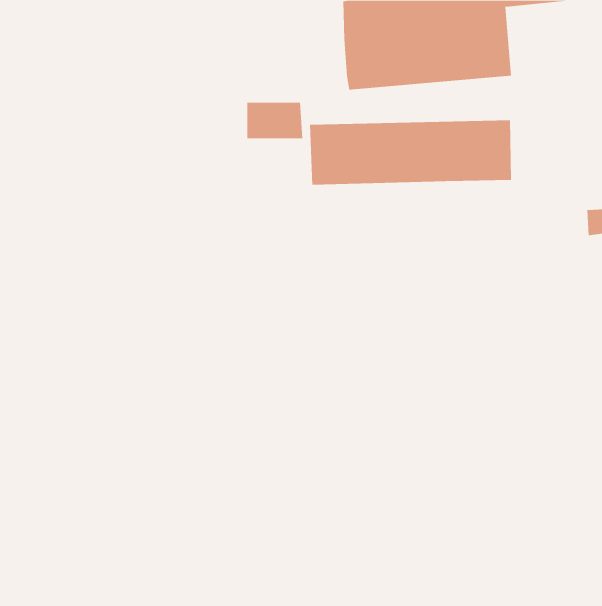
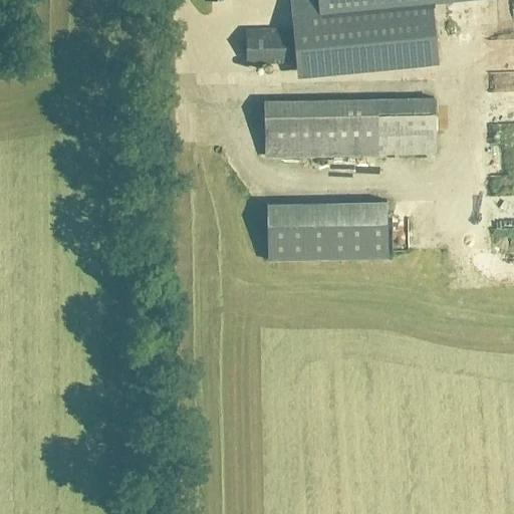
building: [246,102,303,139] -> [248,33,296,64]
building: none -> [267,202,387,260]

